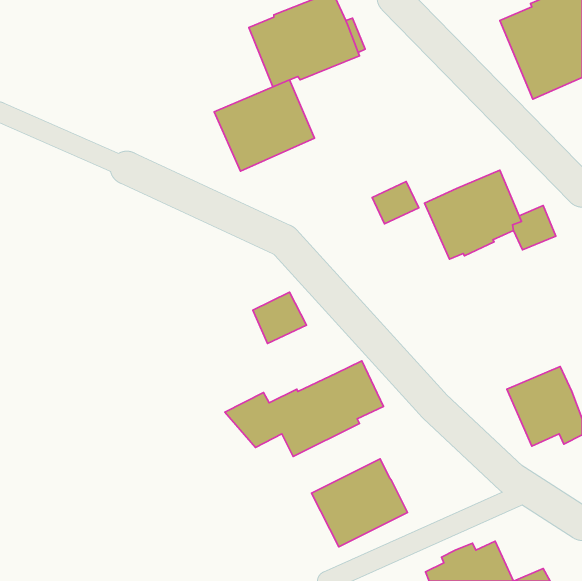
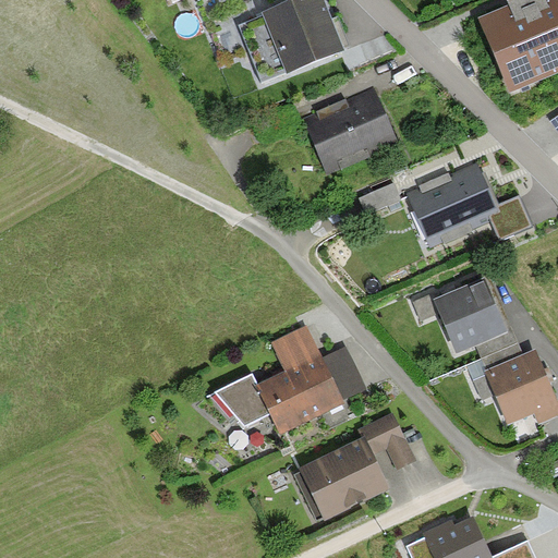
building: [214,80,315,171] -> [302,86,398,173]
building: [253,292,306,343] -> [270,325,322,374]
building: none -> [432,282,507,356]
building: none -> [359,412,416,470]

